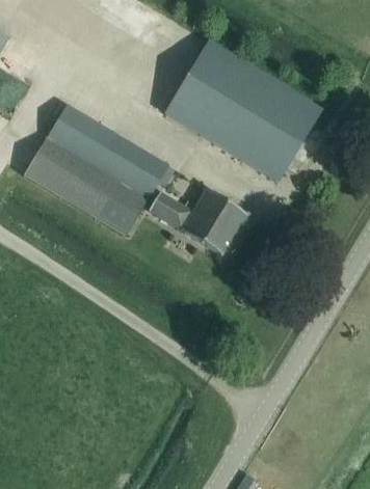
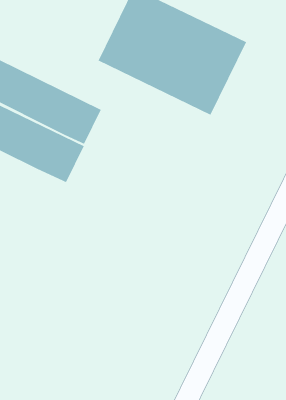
building: [149,188,246,253] -> none

